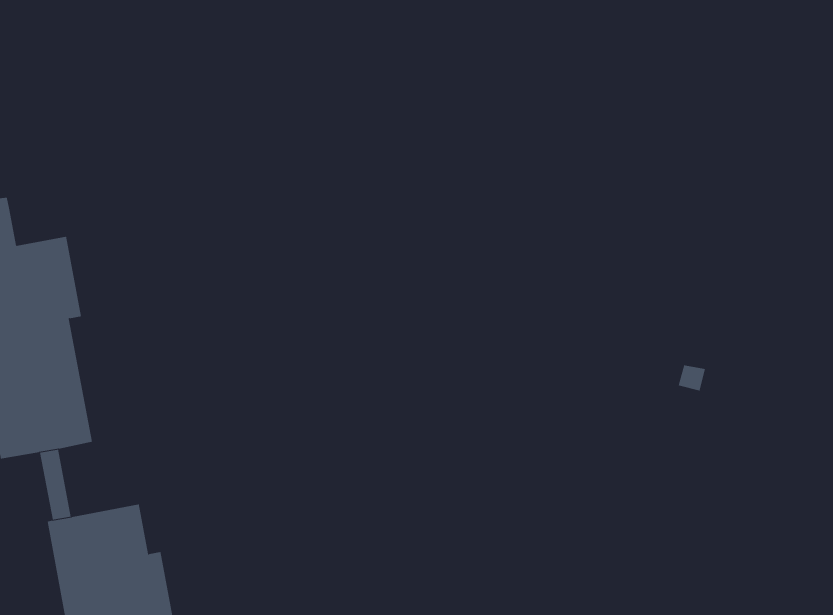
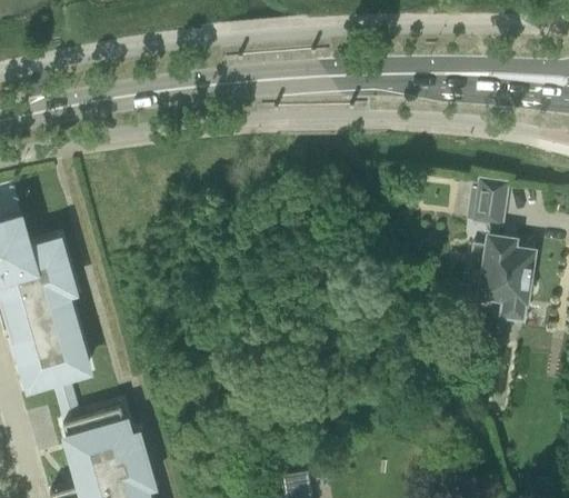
building: none -> [473,180,532,319]

